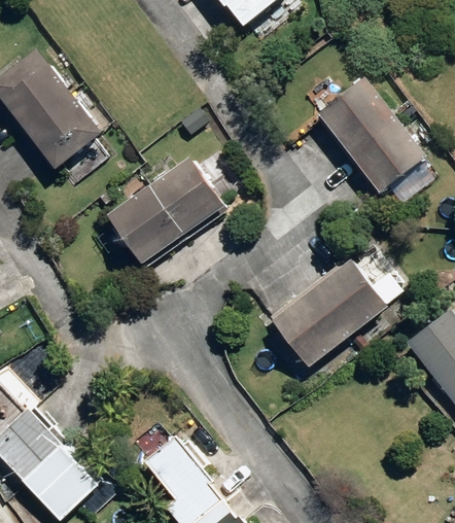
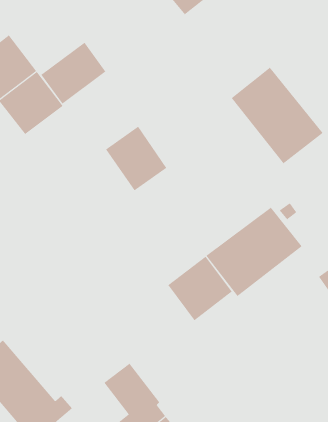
building: none -> [41,42,106,105]
building: [110,186,186,265] -> none
building: none -> [168,256,233,321]

